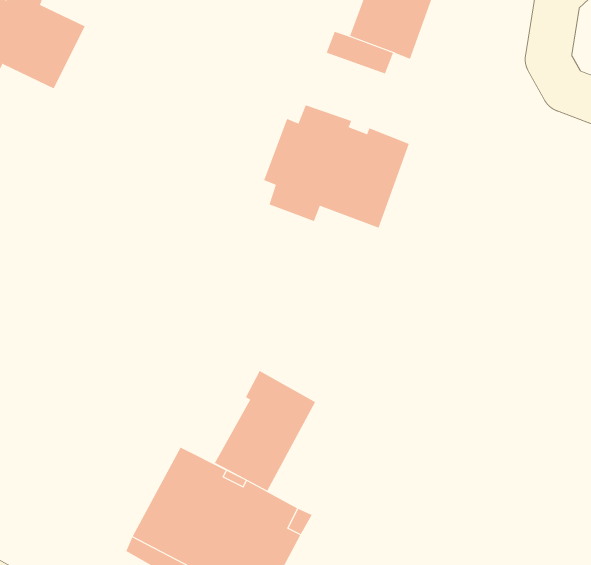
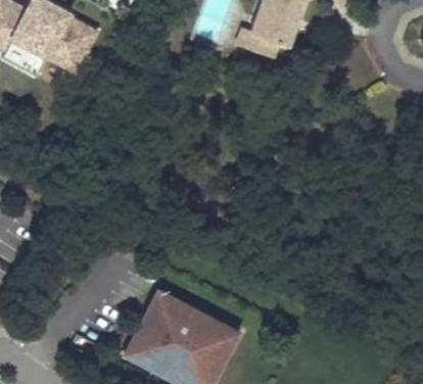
building: [264,104,409,228] -> none
building: [214,370,316,491] -> none

